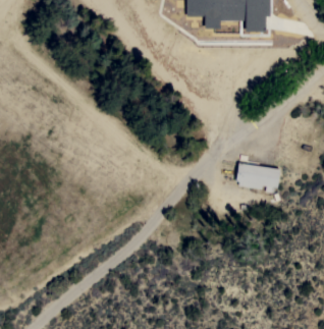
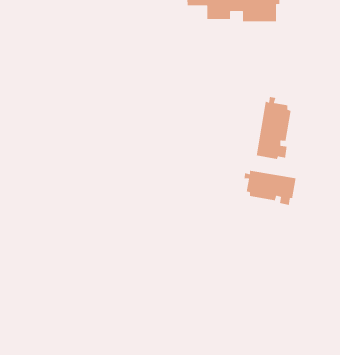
building: none -> [256,96,292,160]

